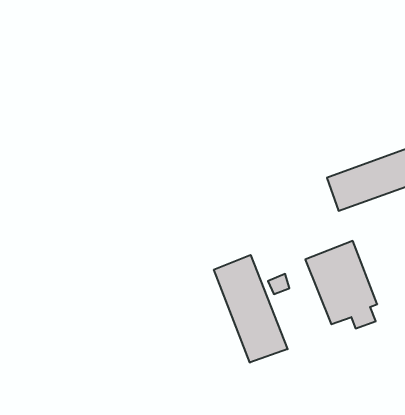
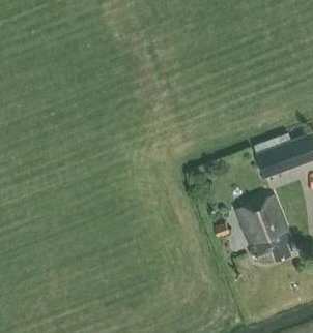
building: [214,255,288,363] -> none

